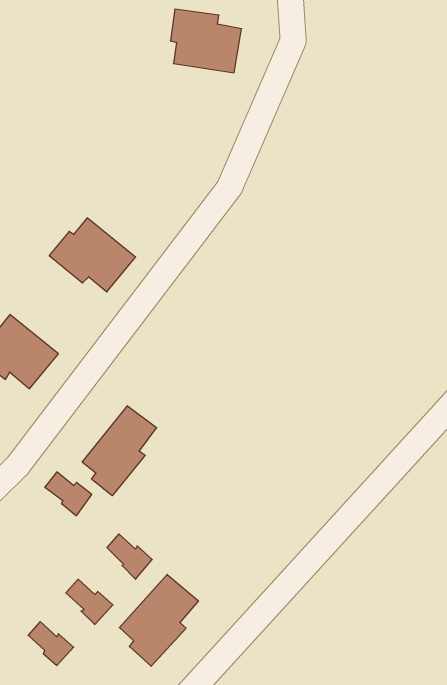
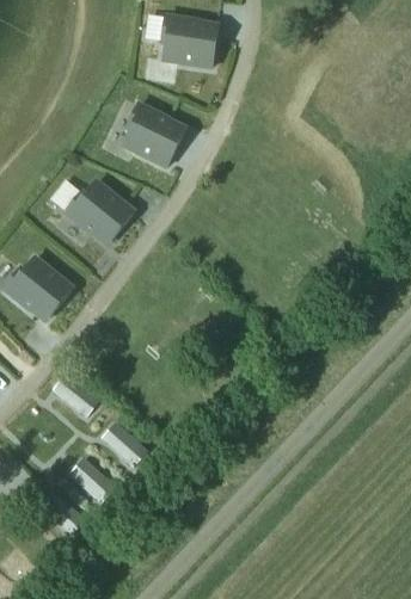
building: none -> [123,103,183,165]
building: [82,406,157,496] -> none
building: [119,574,198,666] -> none

